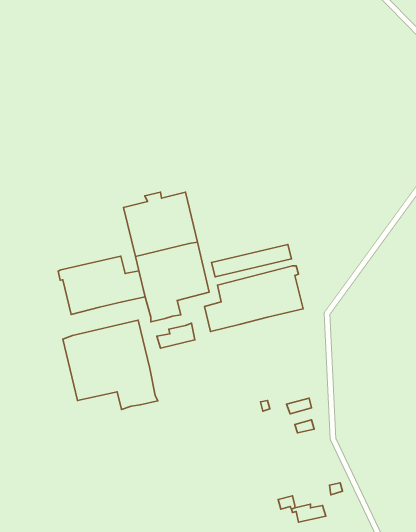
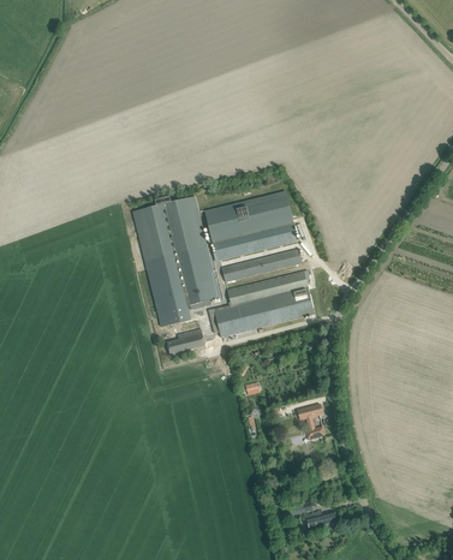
building: none -> [205,191,296,261]
building: [58,256,145,314] -> none
building: [63,320,158,409] -> none

